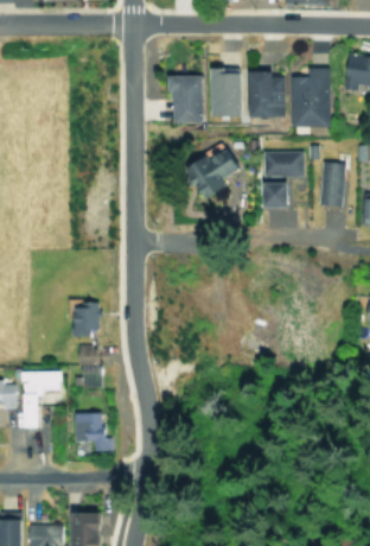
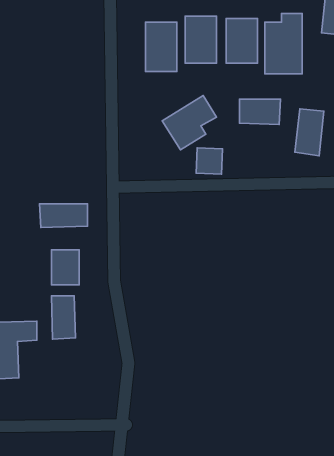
building: [259,182,285,208] -> [196,148,223,174]
building: none -> [39,204,87,227]
building: [82,413,101,451] -> none

